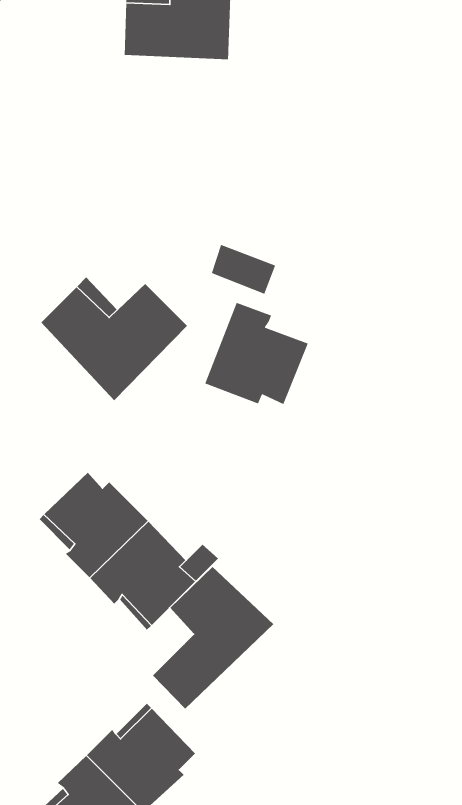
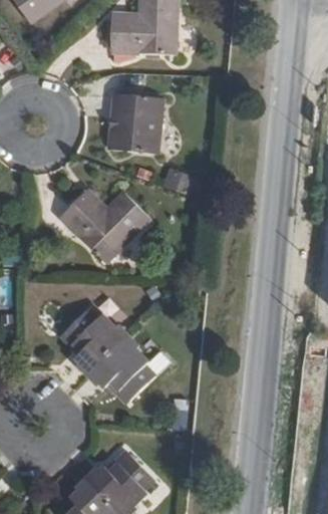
building: none -> [108,94,162,155]
building: [204,302,309,405] -> none
building: [152,566,274,710] -> none

